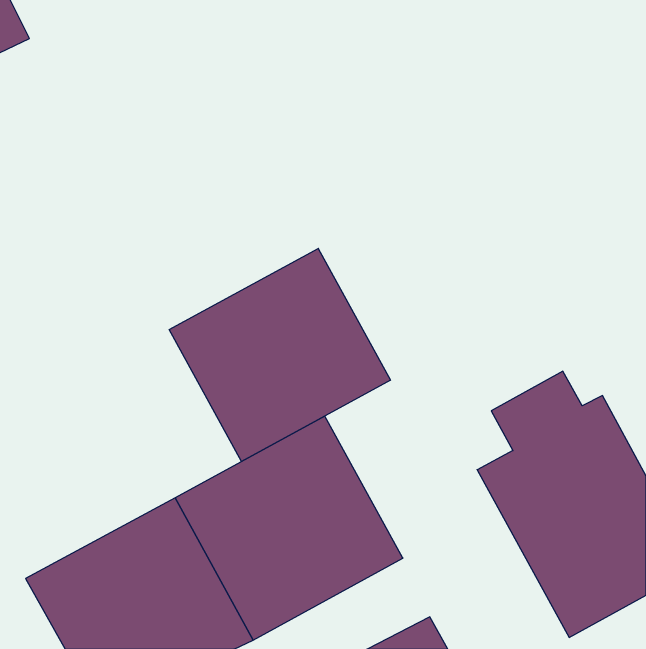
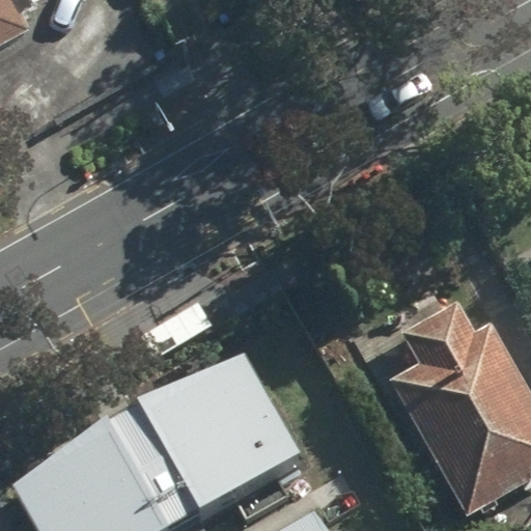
building: [169,248,390,462] -> none

